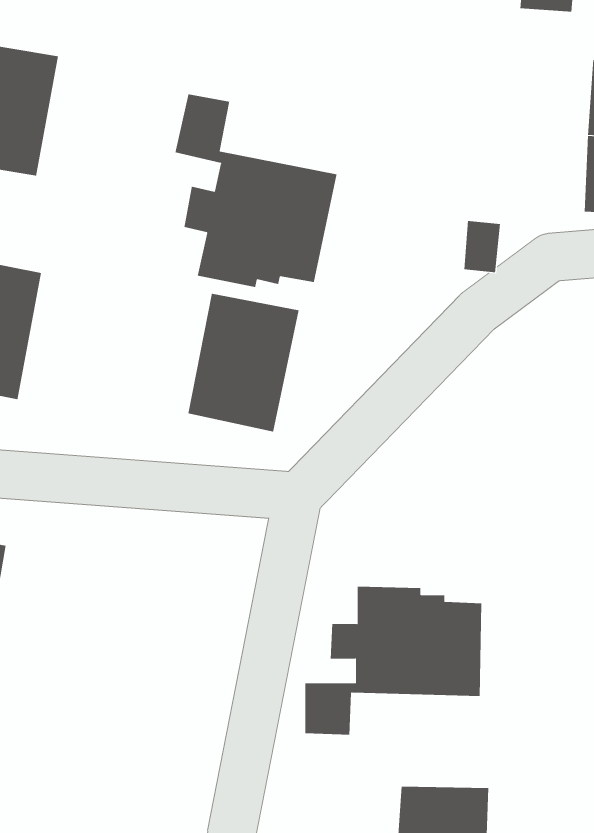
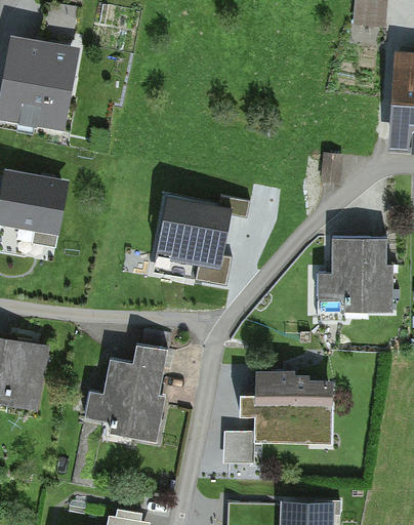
building: [175,94,337,288] -> none
building: none -> [320,238,389,307]
building: none -> [88,349,164,438]

